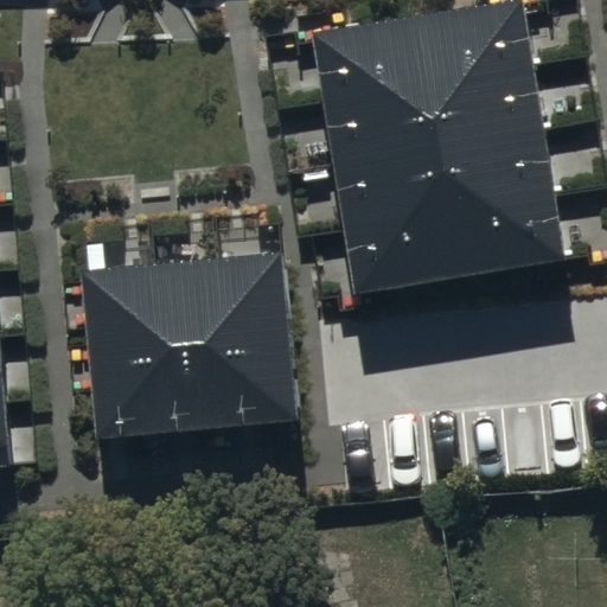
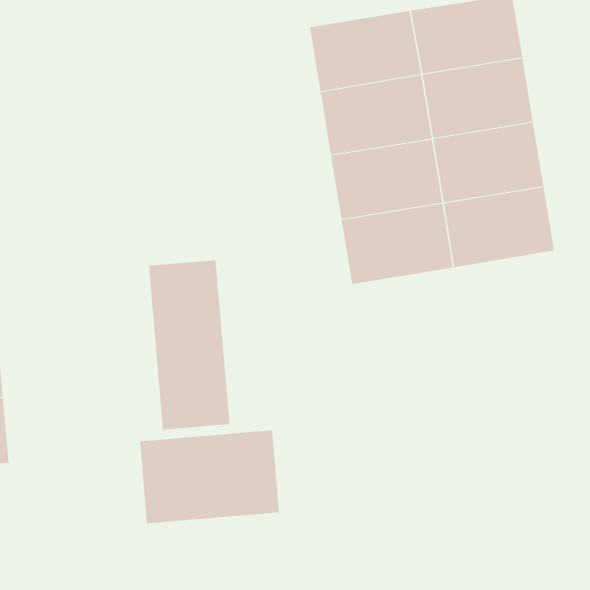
building: [218,257,300,428] -> none
building: [83,268,164,440] -> none
building: none -> [140,429,280,524]

